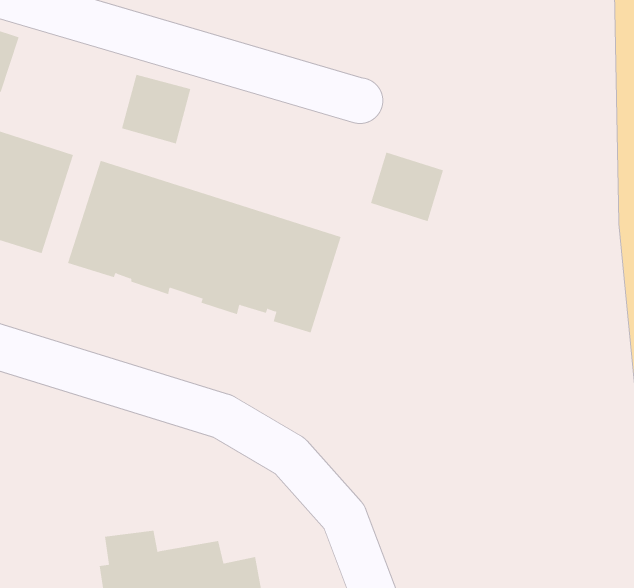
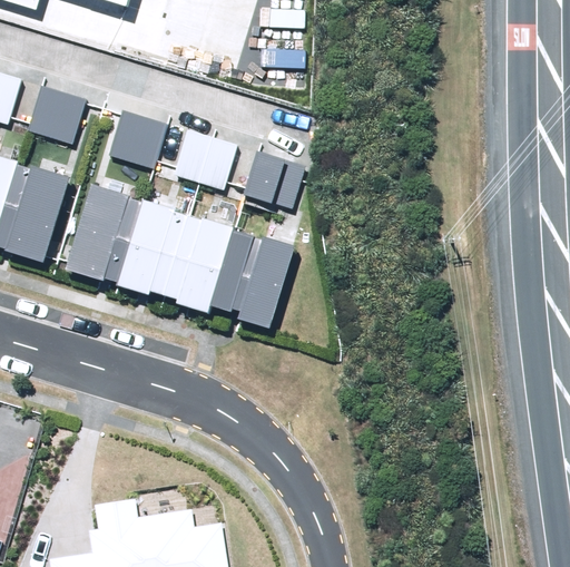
building: none -> [28,87,85,144]
building: none -> [174,130,237,190]
building: [370,152,444,222] -> [242,151,304,211]

